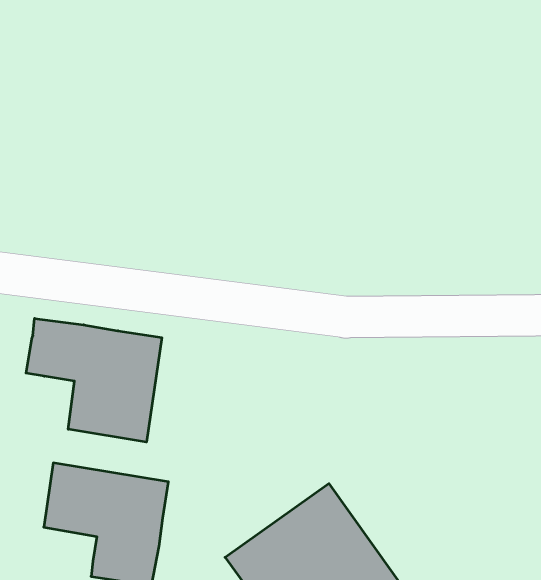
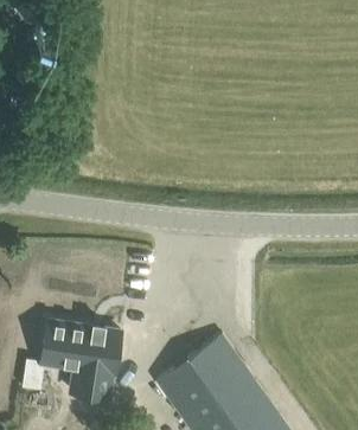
building: [26,318,162,442] -> none

